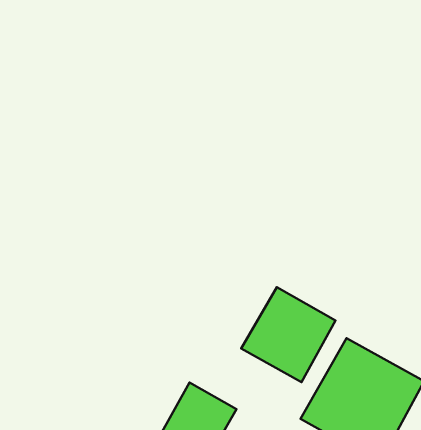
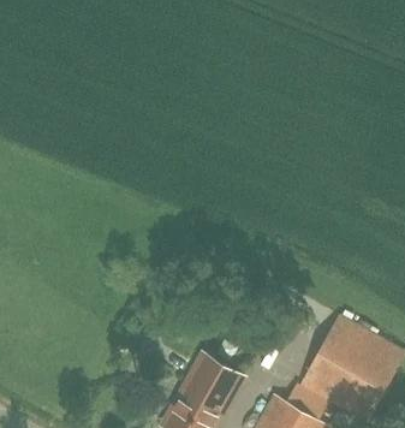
building: [241,287,336,382] -> none

